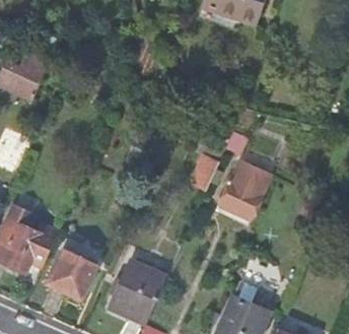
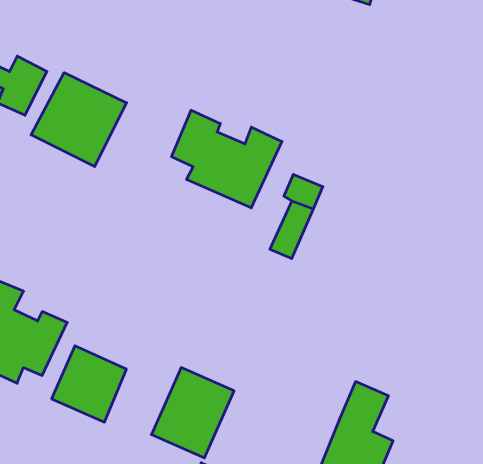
building: none -> [31,73,127,167]
building: none -> [172,110,282,208]
building: [217,162,269,220] -> none

